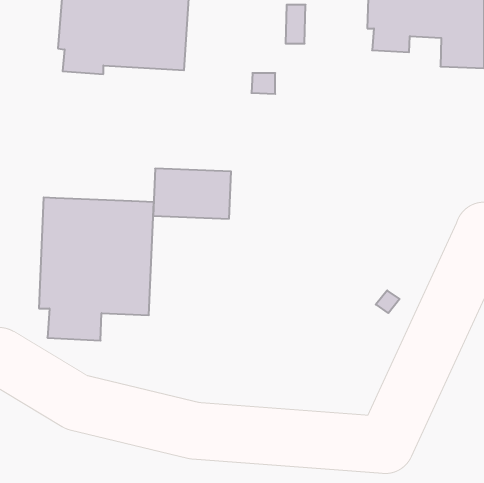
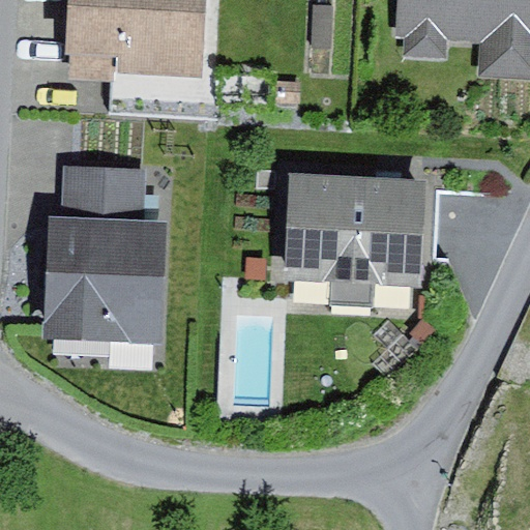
building: none -> [286,174,426,306]
building: [153,169,231,219] -> [61,165,146,219]

